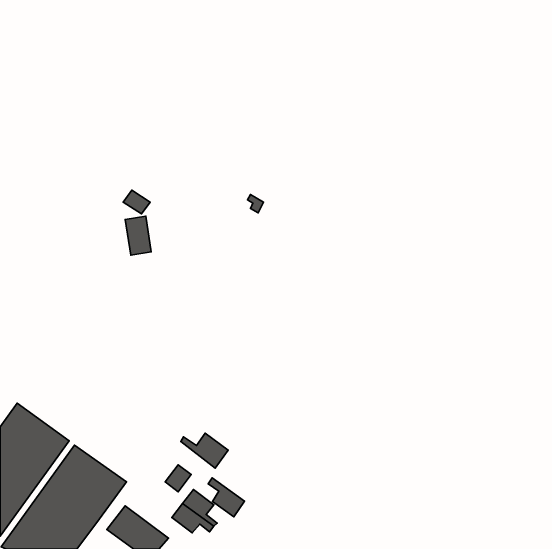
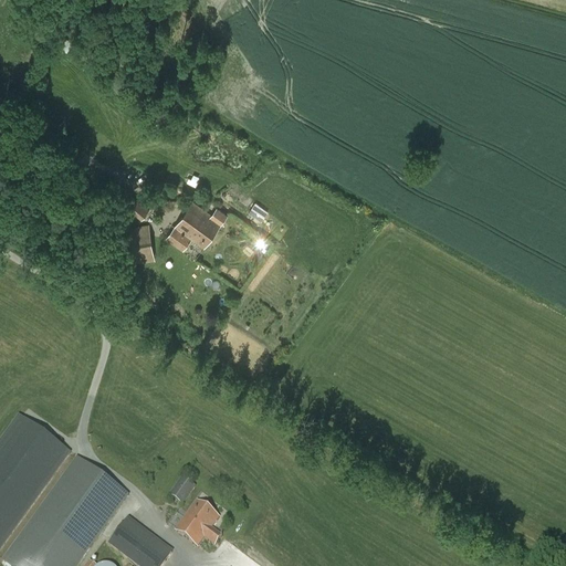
building: none -> [167,200,227,248]
building: [181,433,228,468] -> none
building: [208,478,245,517] -> none

